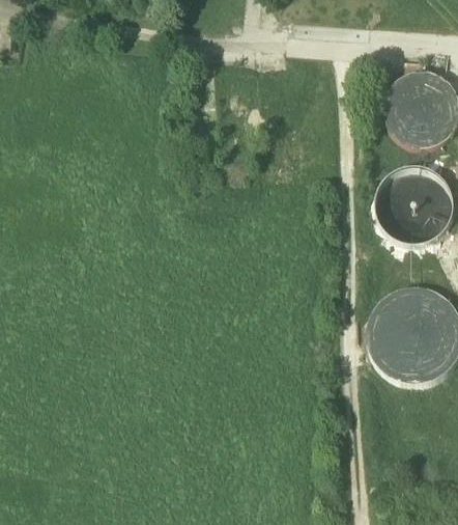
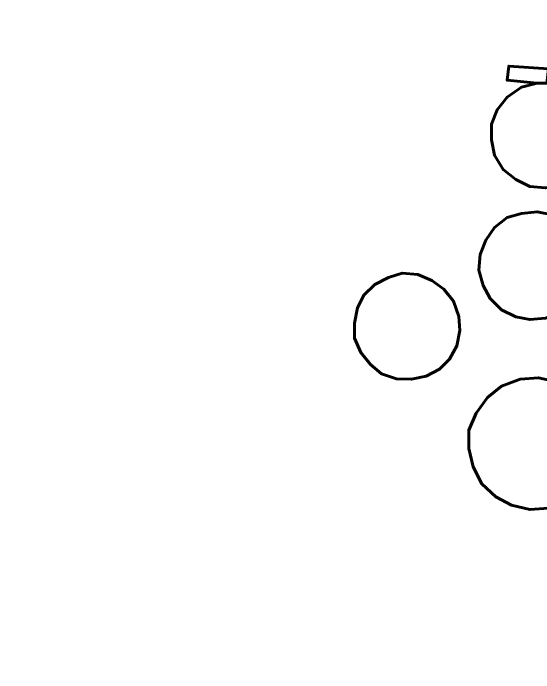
building: none -> [354,273,460,379]

